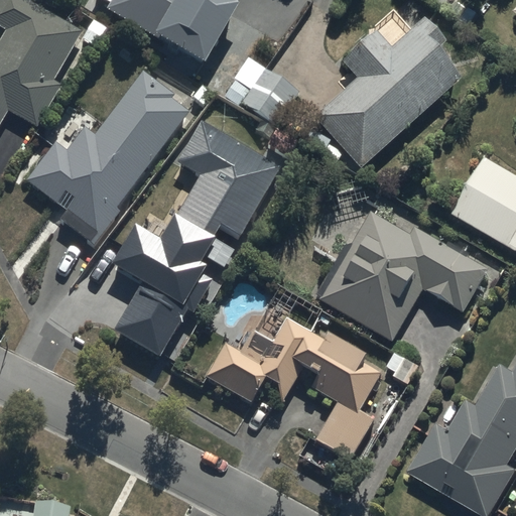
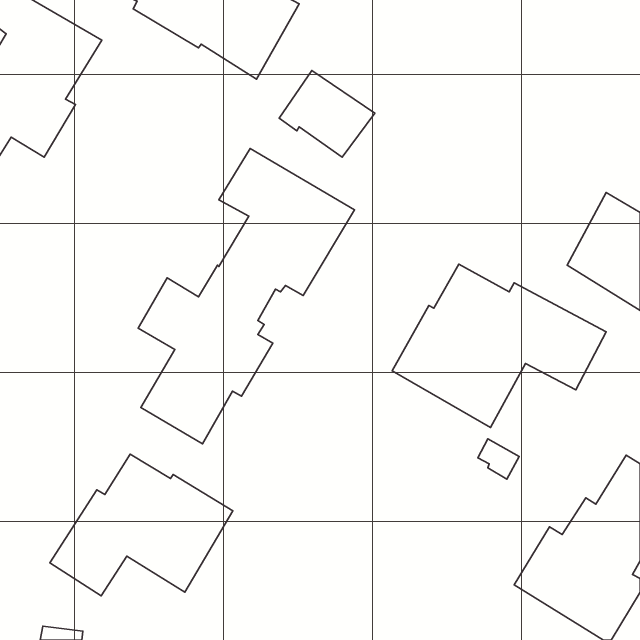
building: [312,11,464,170] -> none
building: [26,71,186,244] -> none
building: [208,316,380,470] -> none
building: none -> [50,454,233,596]

